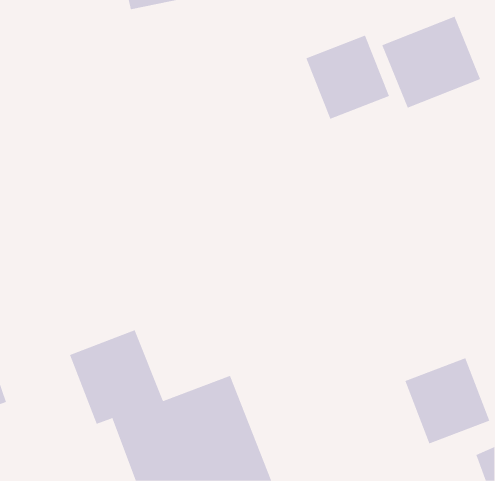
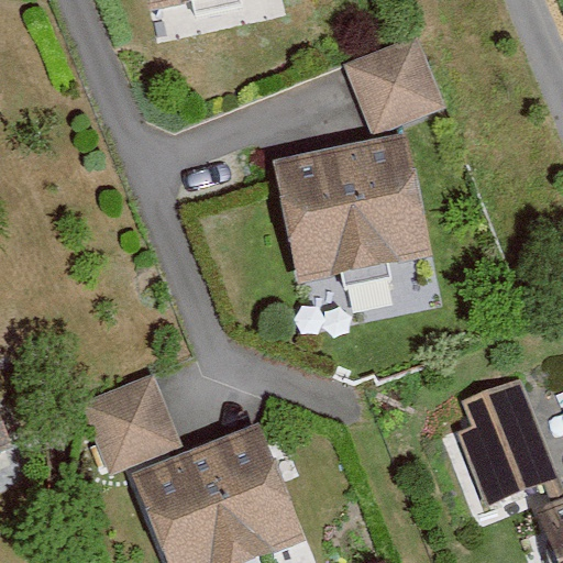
building: [382,16,481,109] -> none
building: none -> [271,139,429,288]

